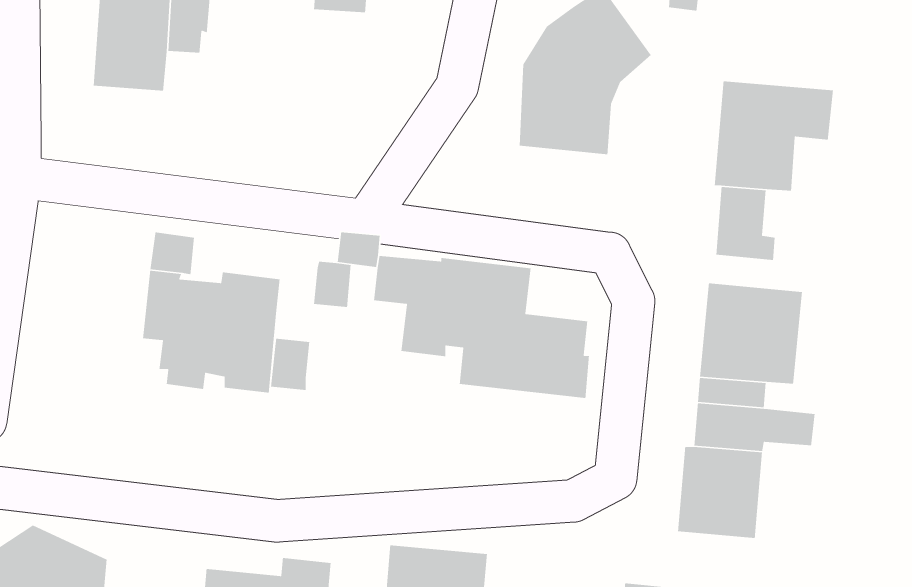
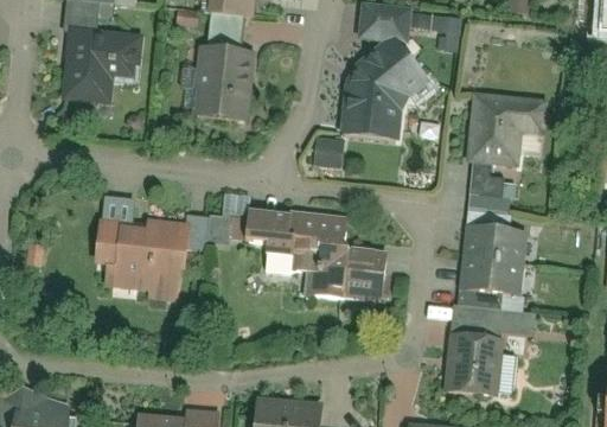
building: none -> [193,51,254,119]
building: none -> [313,139,344,167]
building: [270,338,310,391] -> [184,215,210,249]

